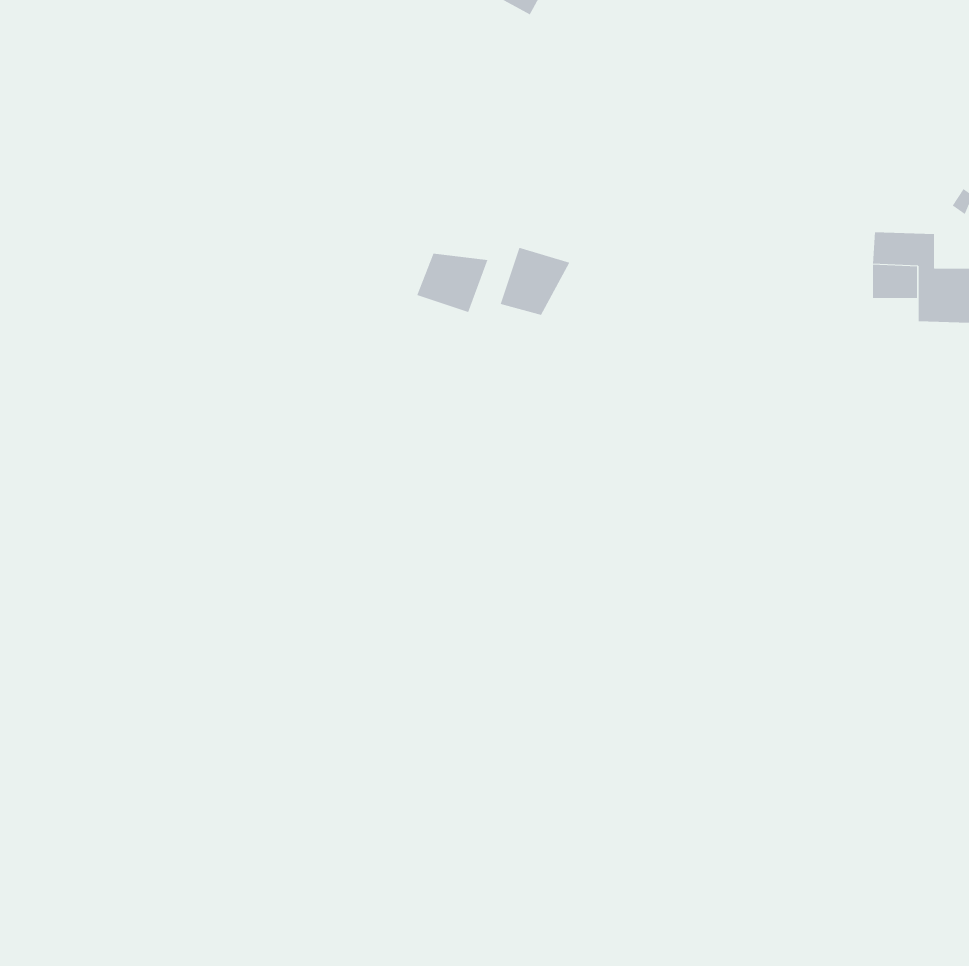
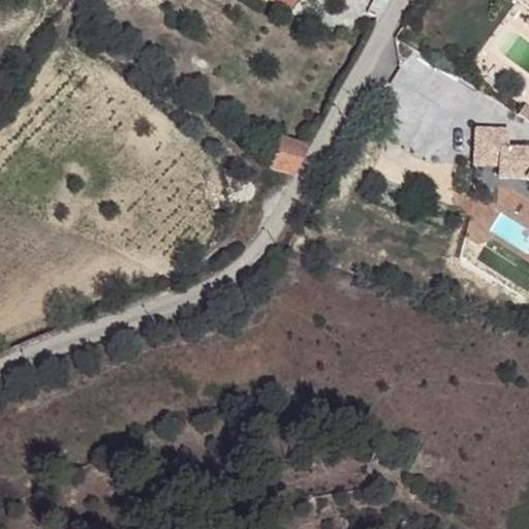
building: [417,253,488,313] -> none

